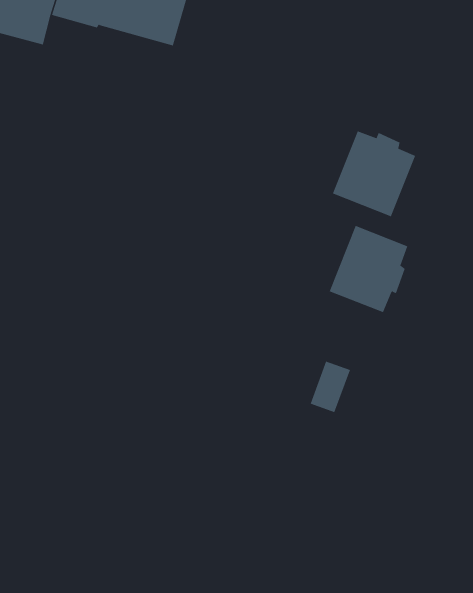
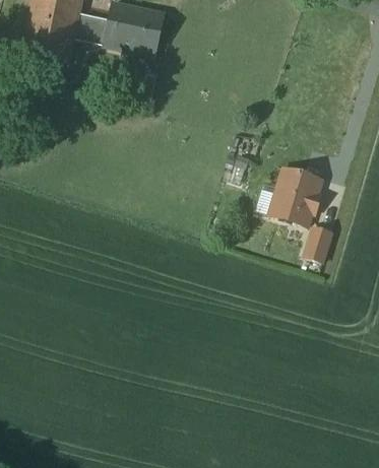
building: [332,131,416,217] -> none
building: [310,361,351,413] -> [305,225,331,260]

